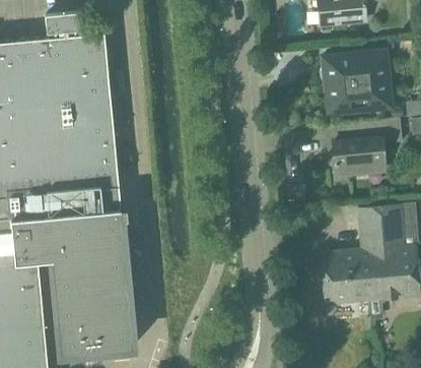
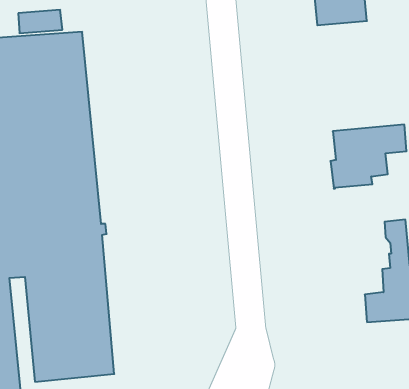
building: [319,53,389,113] -> none
building: [321,208,388,305] -> none

